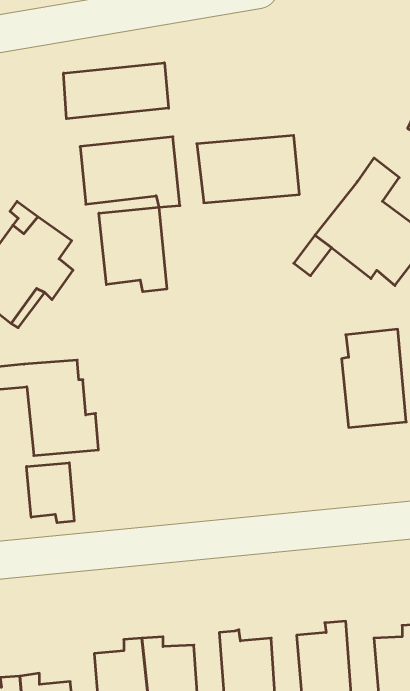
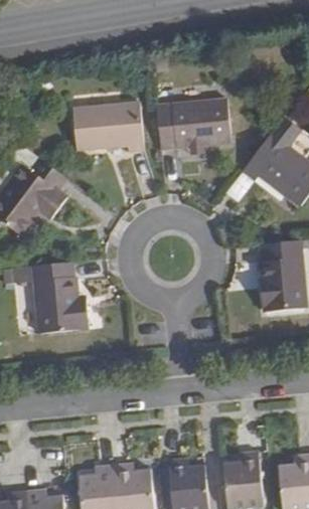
building: [64,63,169,119] -> none
building: [99,207,167,292] -> none
building: [27,463,74,523] -> none

